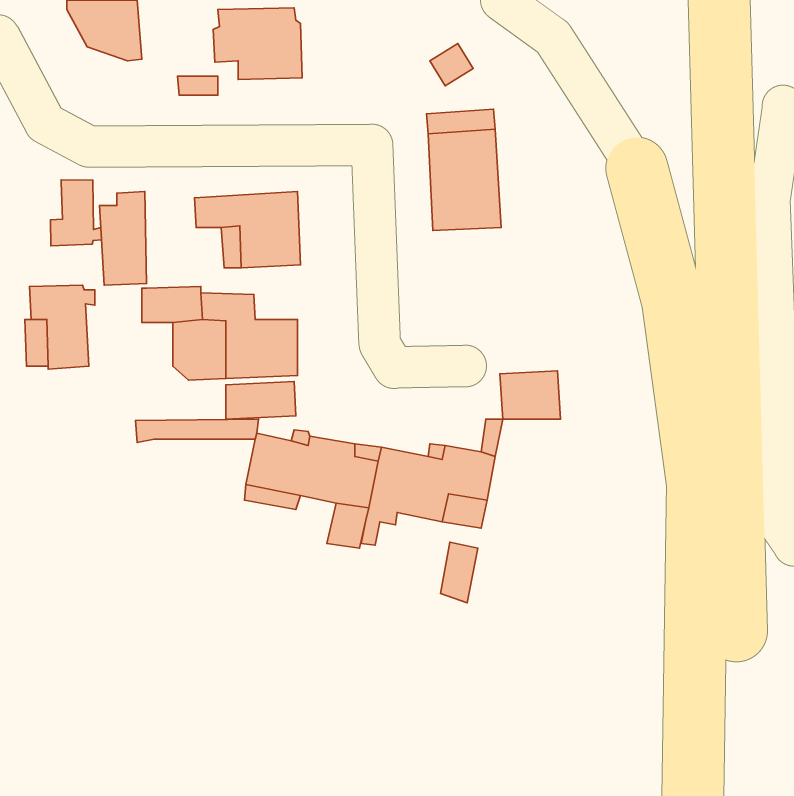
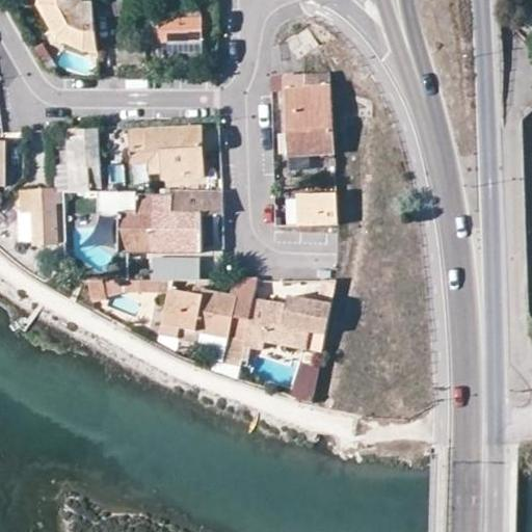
building: [50,180,102,246] -> none
building: none -> [169,190,222,213]
building: [500,371,560,419] -> [298,192,339,224]

